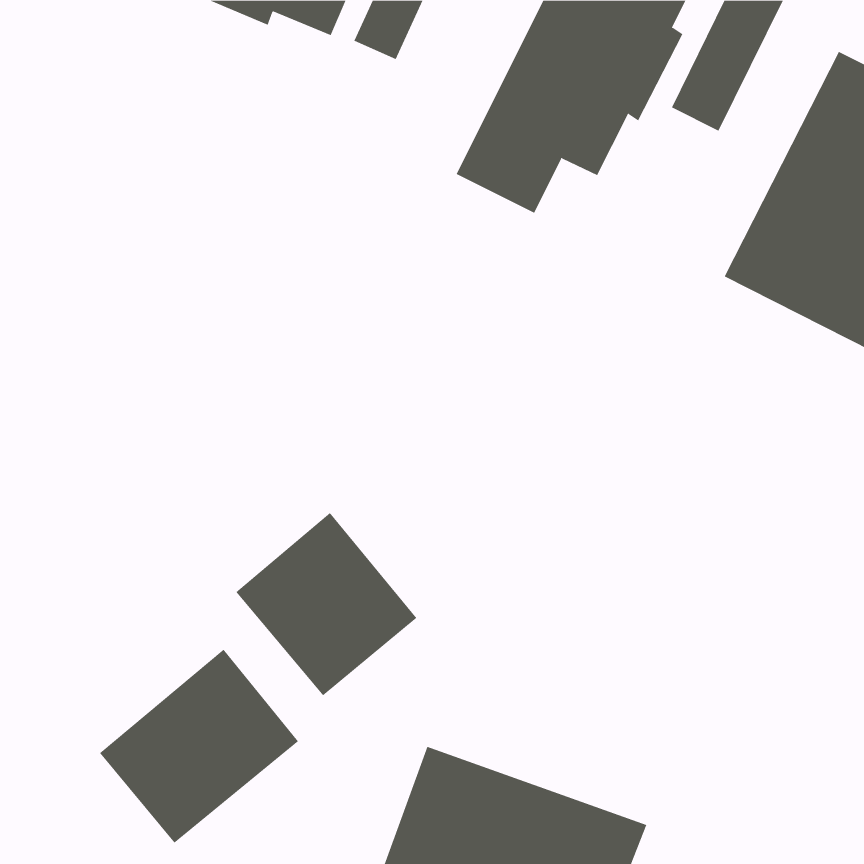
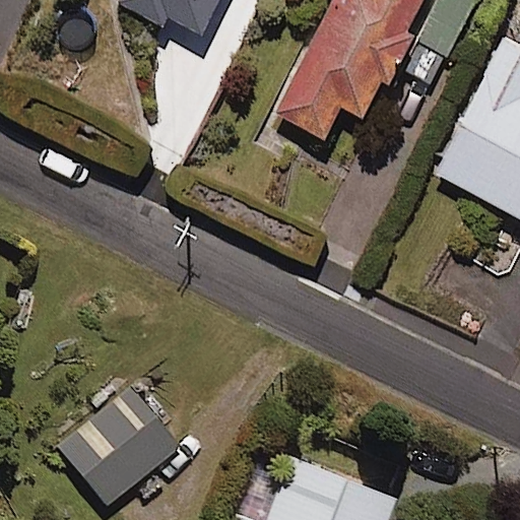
building: [235,512,417,696] -> none

